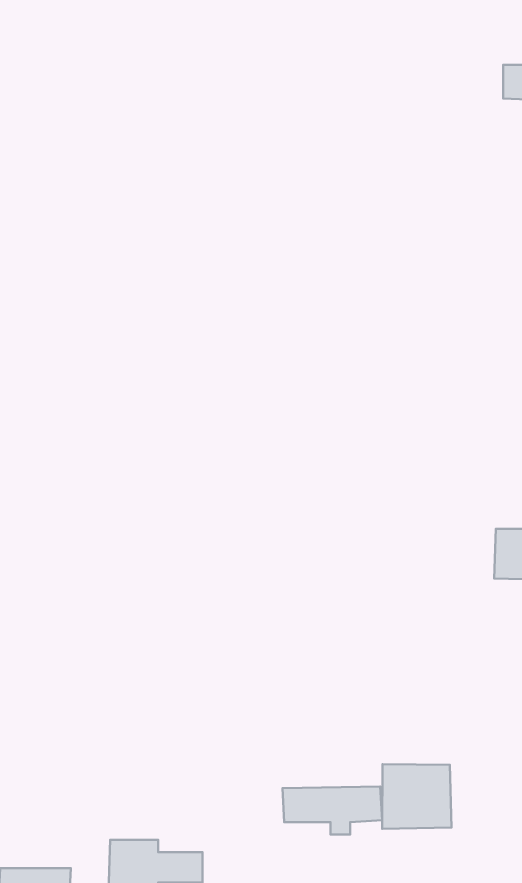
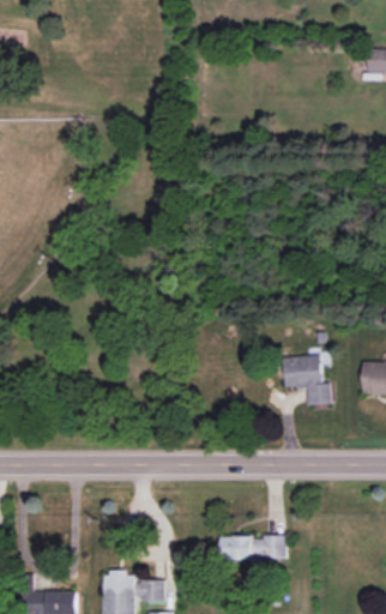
building: none -> [282,355,330,405]
building: [382,764,452,829] -> none

